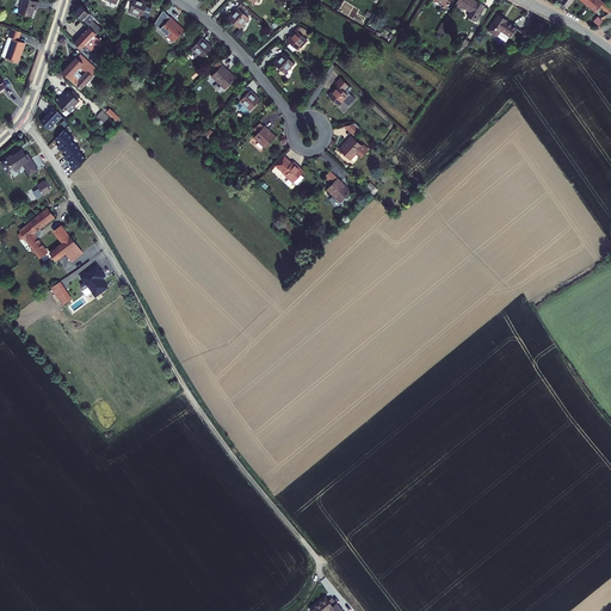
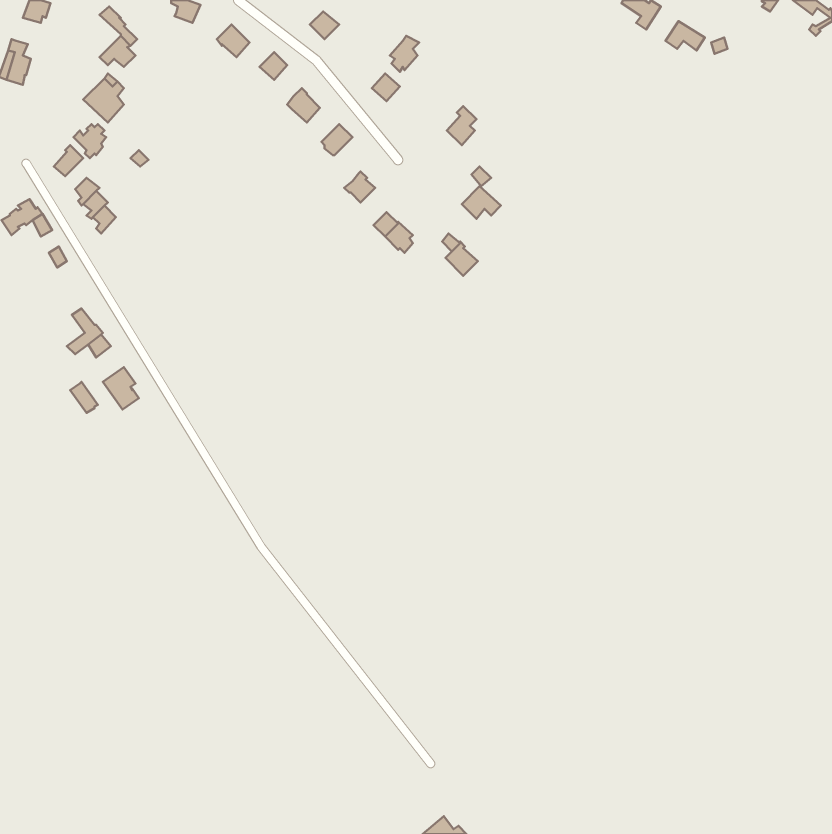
building: [20,208,54,257] -> none

